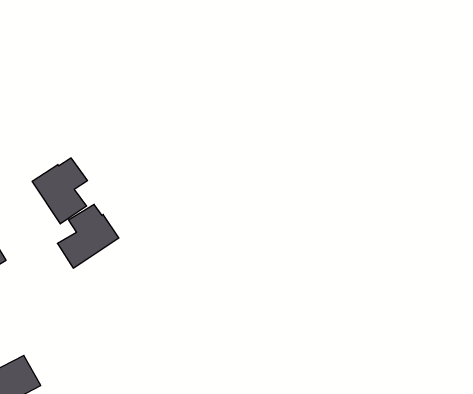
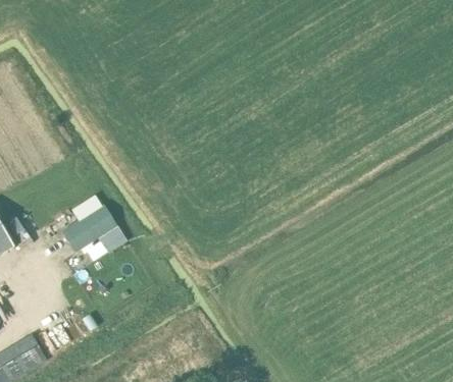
building: [32,158,87,224] -> none

